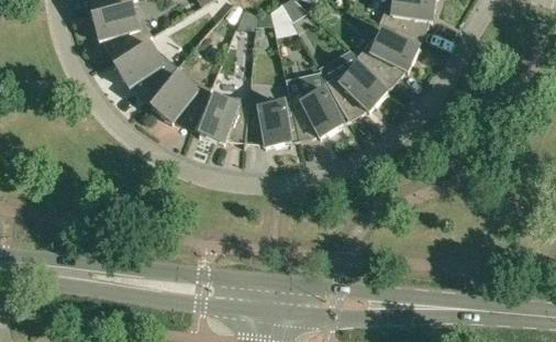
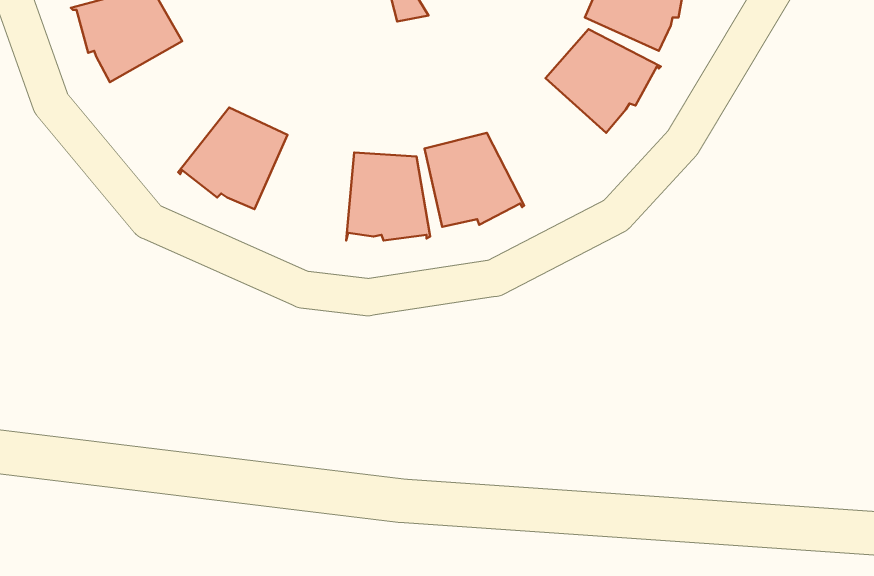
building: [112,40,177,98] -> none
building: [325,60,388,119] -> none
building: [198,91,248,145] -> none

